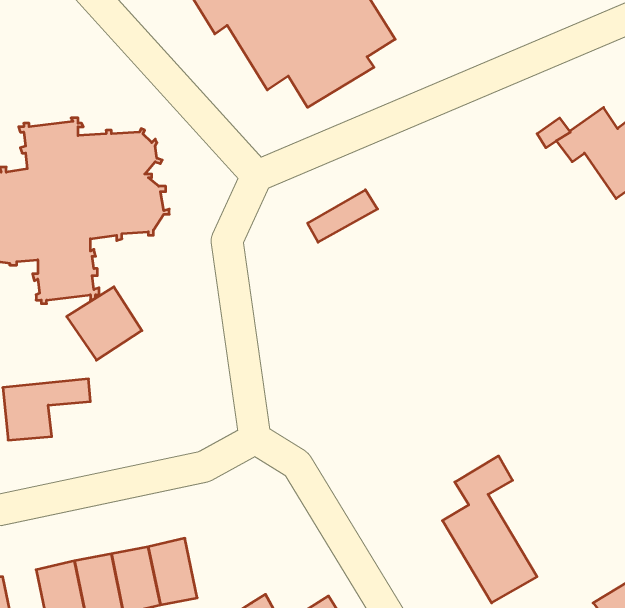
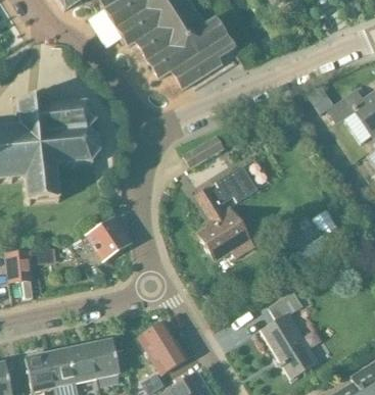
building: none -> [194,165,255,262]
building: [67,287,142,360] -> [85,217,129,260]
building: none -> [139,323,186,373]

